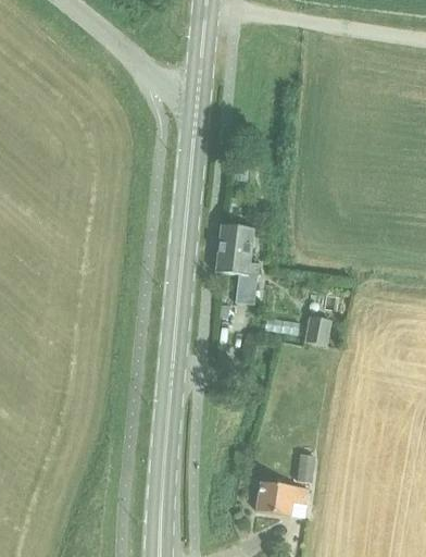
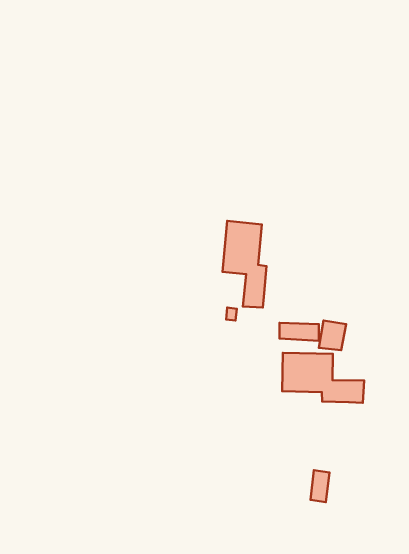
building: none -> [282,353,364,403]
building: [256,480,306,513] -> none

